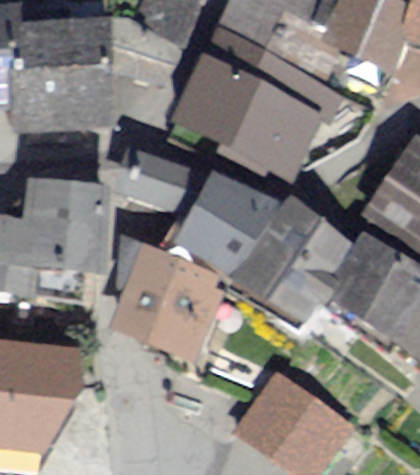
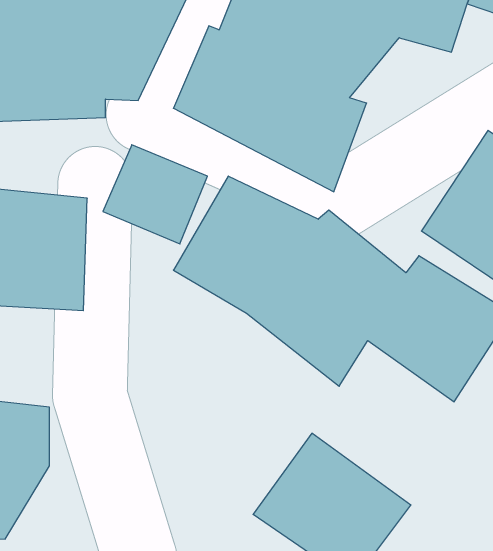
building: [109,241,228,359] -> none

